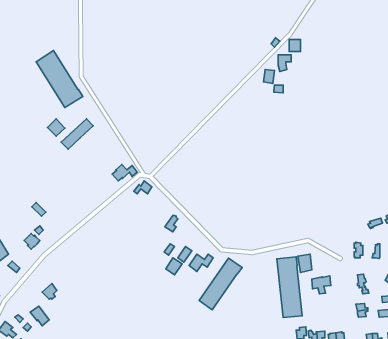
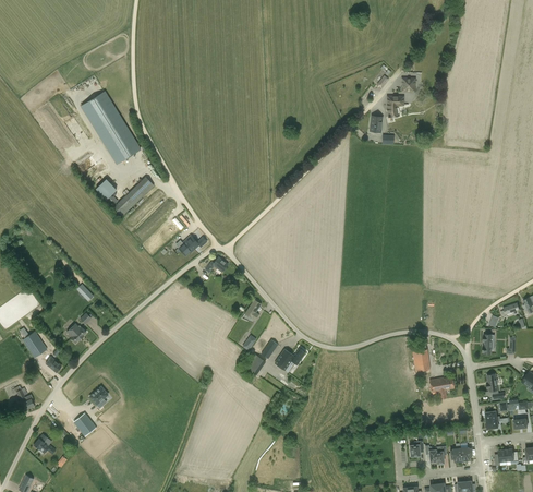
building: [277,257,302,318] -> none
building: [199,258,242,310] -> none

